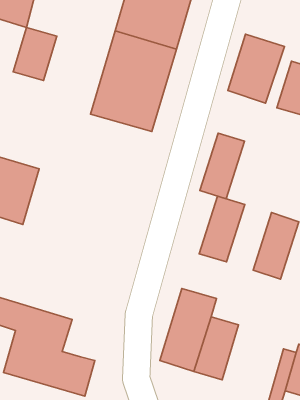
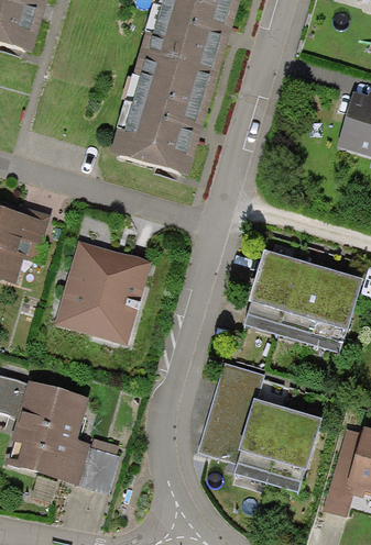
building: [13,27,57,81] -> none
building: [228,34,284,103] -> none
building: [200,133,245,199] -> [277,263,331,342]
building: none -> [57,245,145,336]
building: none -> [272,408,323,483]

